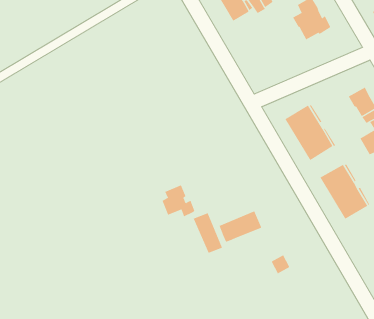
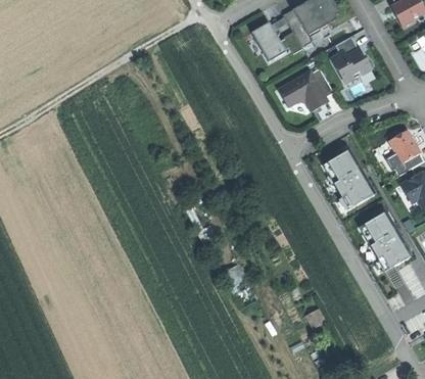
building: none -> [277,67,333,111]
building: [162,185,195,217] -> none
building: [219,211,262,243] -> none

